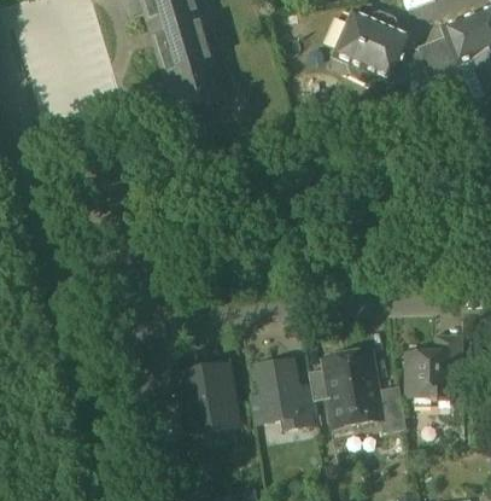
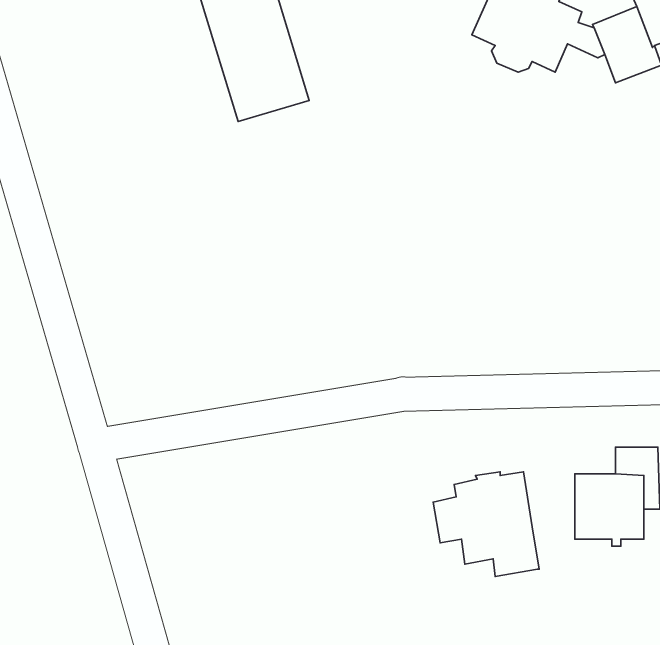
building: [252,362,314,427] -> none
building: [182,371,234,429] -> none
building: [378,385,407,432] -> none

